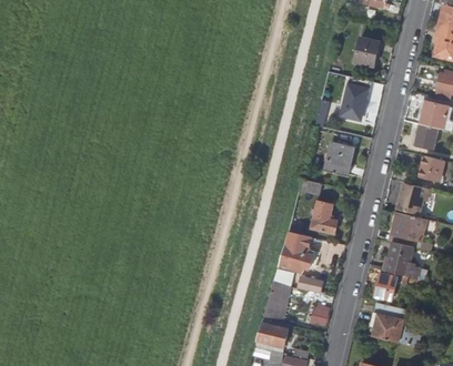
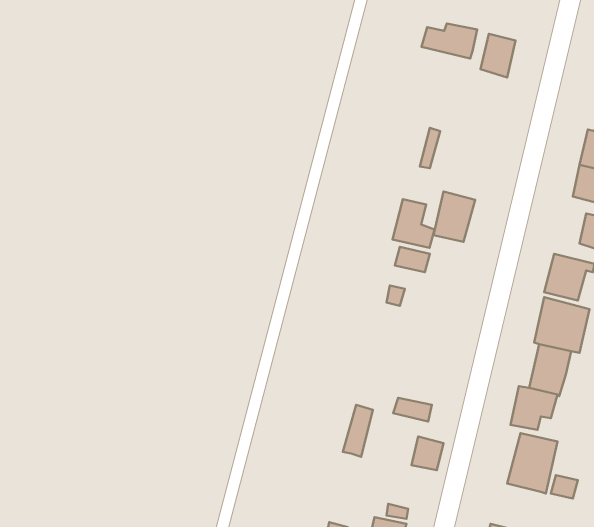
building: none -> [421,23,477,59]
building: [338,91,366,128] -> none
building: [310,202,338,234] -> [393,199,435,248]
building: [278,232,313,273] -> none
building: [254,318,289,354] -> none

